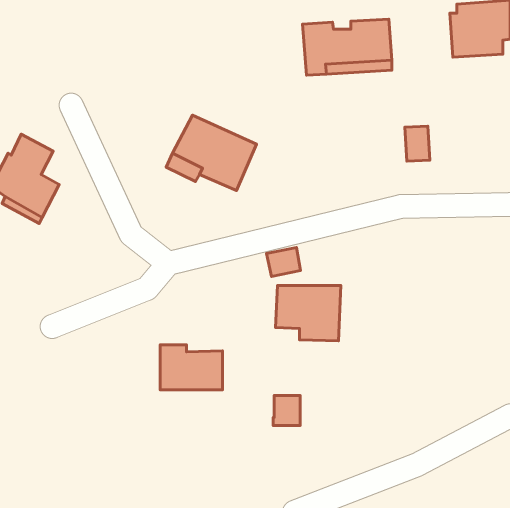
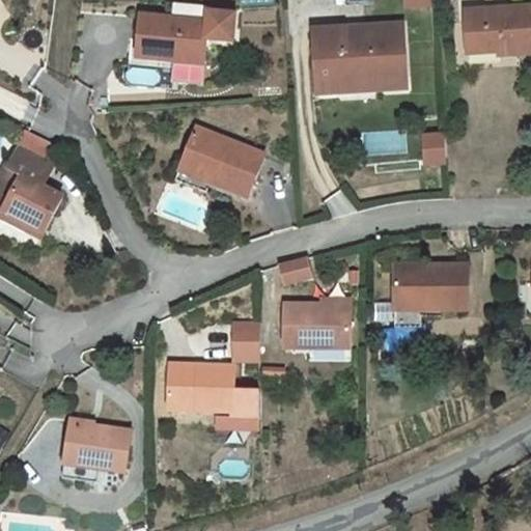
building: none -> [136,8,233,62]
building: none -> [393,257,465,307]
building: none -> [229,317,256,355]
building: [273,395,300,426] -> [229,385,257,416]
building: none -> [59,425,129,486]

